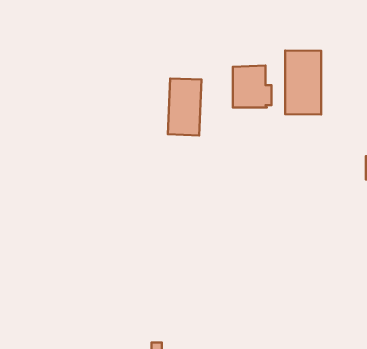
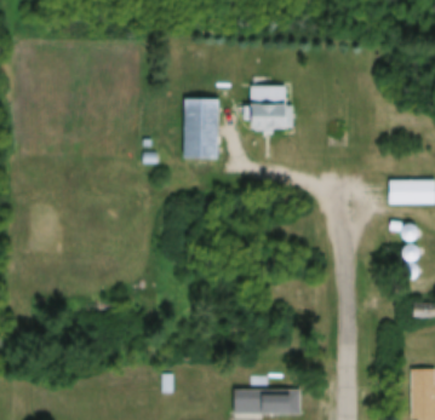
building: [285,51,321,114] -> none

